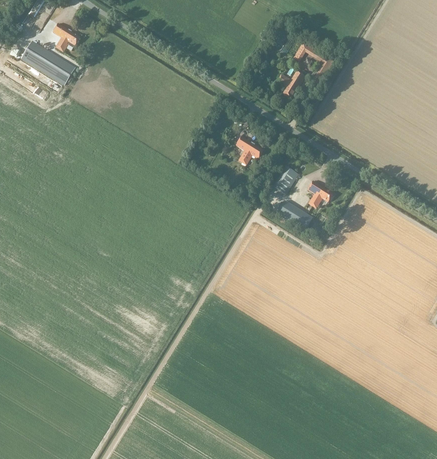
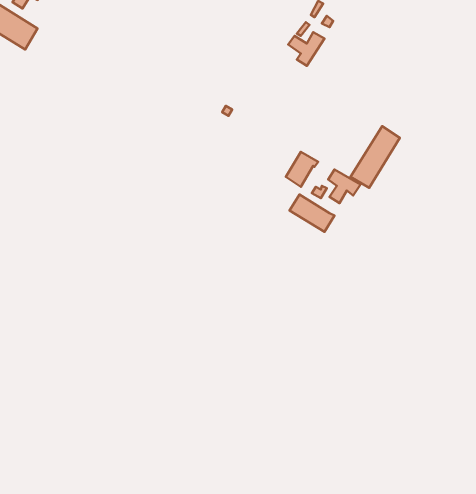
building: [236,136,264,164] -> none
building: none -> [350,126,400,188]

